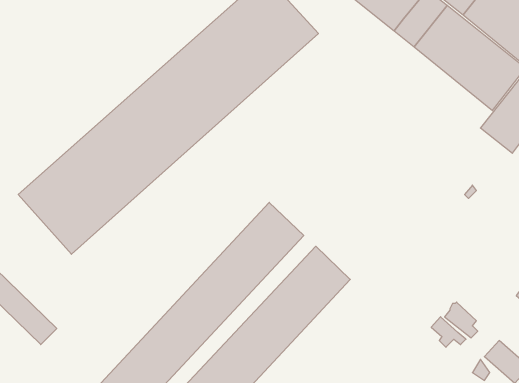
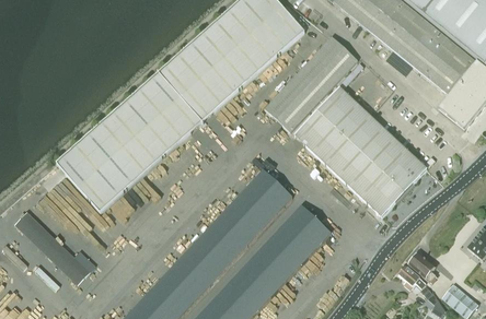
building: none -> [265,36,357,132]
building: none -> [294,86,427,216]

